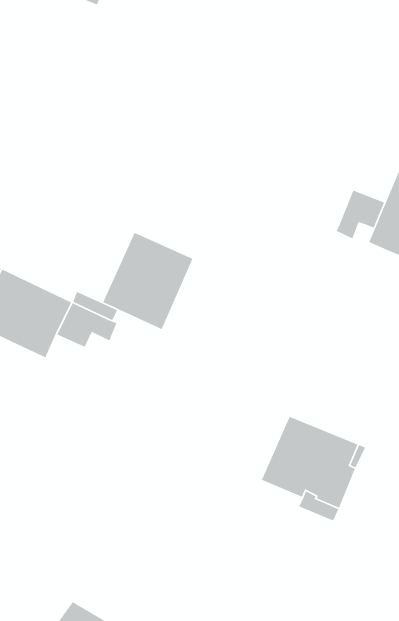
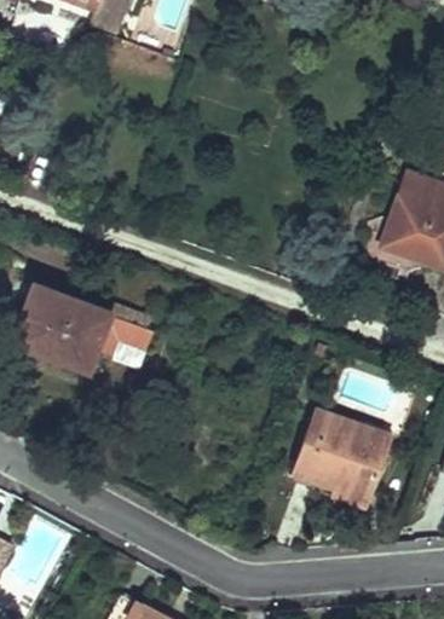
building: [335,190,385,239] -> none
building: [102,232,193,330] -> none

